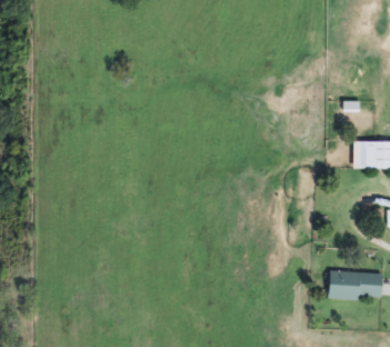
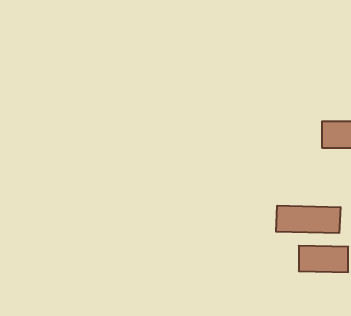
building: none -> [276,206,340,233]

